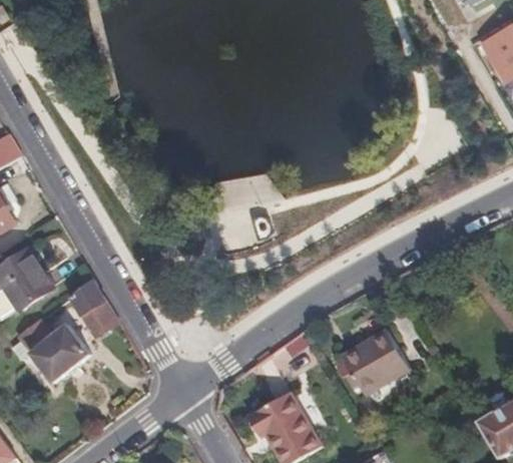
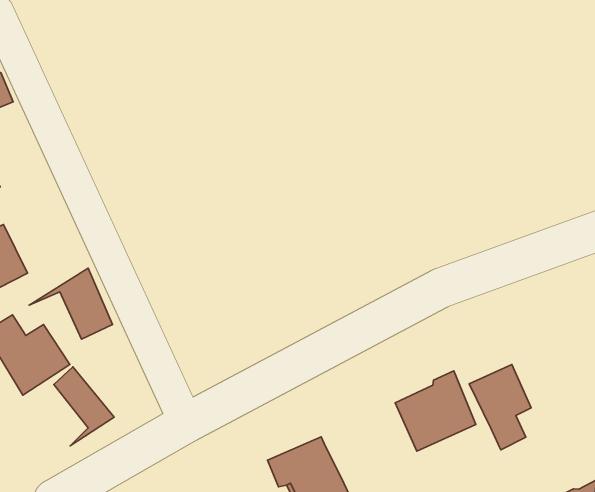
building: none -> [469,365,531,450]
building: none -> [54,367,114,446]

